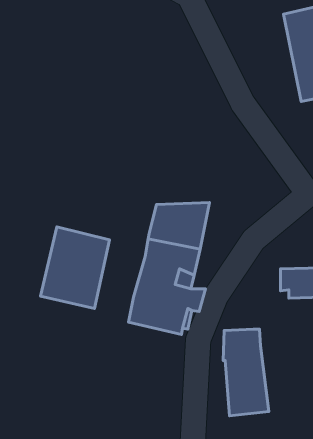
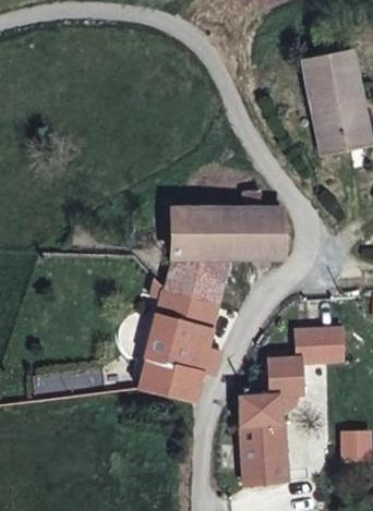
building: none -> [170,208,282,261]
building: [40,227,110,308] -> none
building: none -> [270,357,304,410]

